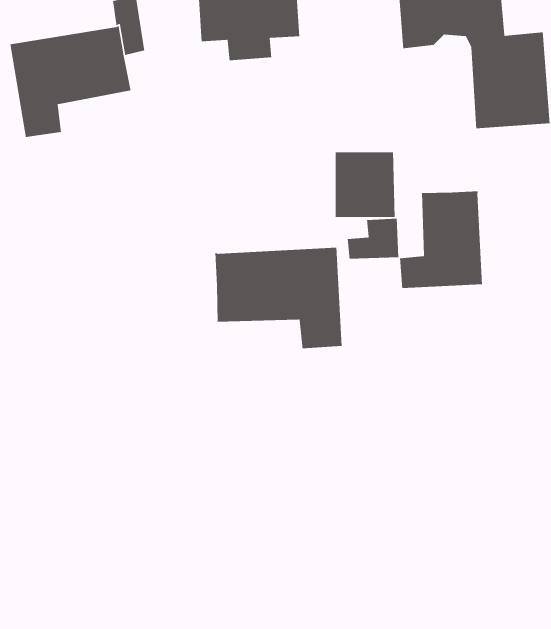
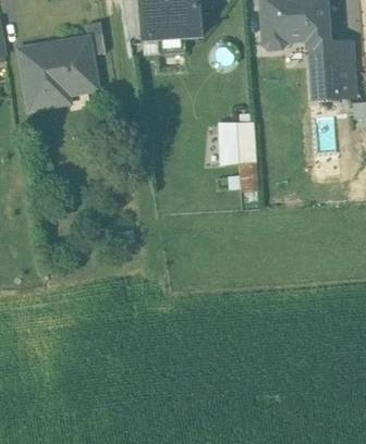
building: [399,191,483,289] -> none
building: [214,247,342,349] -> none

